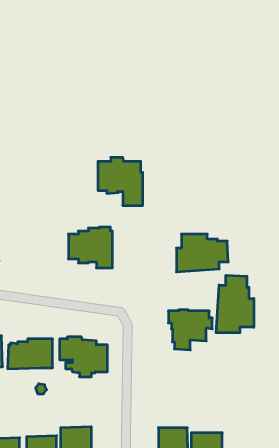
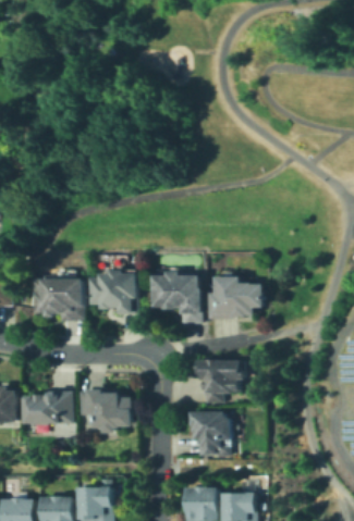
building: [98,157,143,205] -> [152,272,202,324]
building: none -> [34,275,85,321]
building: [216,275,254,333] -> none
building: none -> [191,412,231,456]

